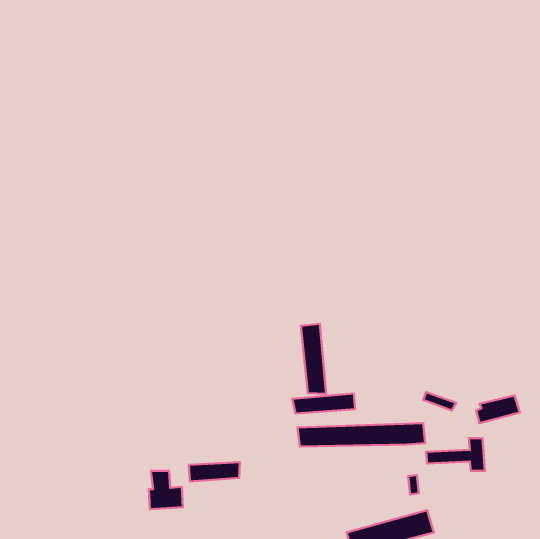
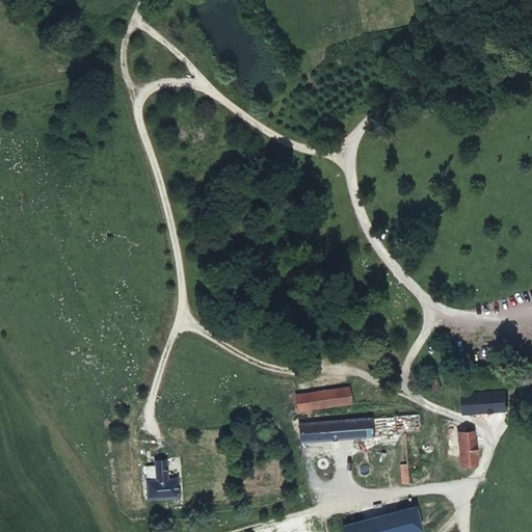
building: [301,324,326,394] -> none
building: [189,462,240,481] -> none

